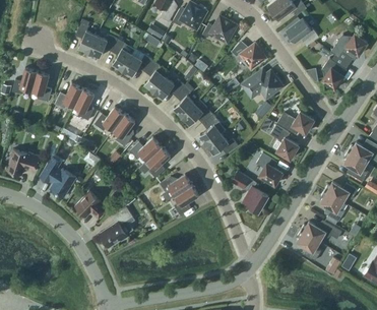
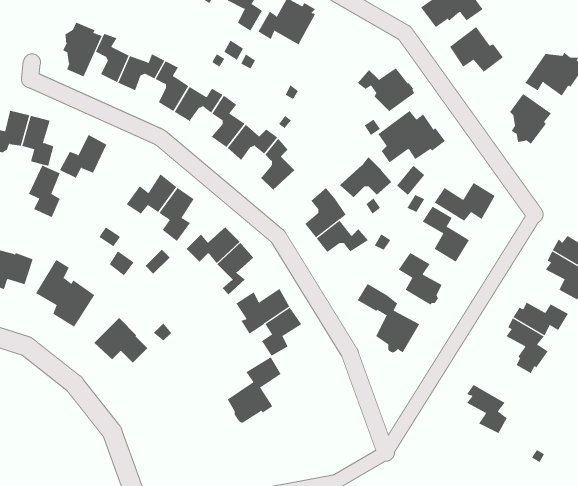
building: [201,15,238,43] -> none
building: none -> [63,22,102,77]
building: [74,88,93,120] -> [28,165,61,218]
building: [181,99,212,124] -> [339,156,392,199]
building: [100,207,132,247] -> [227,357,282,423]
building: [300,221,341,242] -> none

